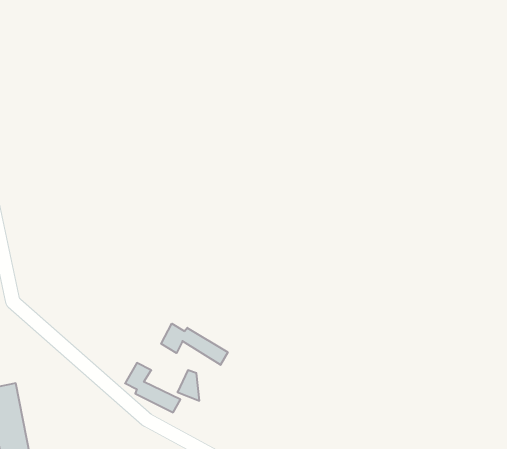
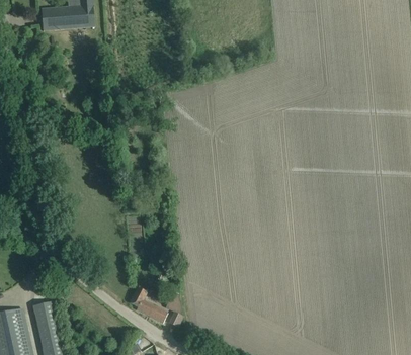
building: [161,324,228,365] -> none

